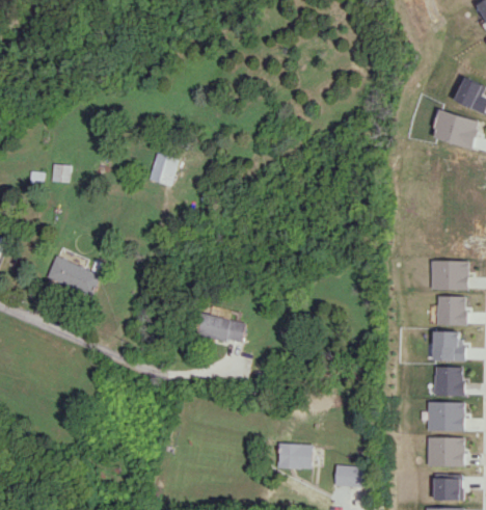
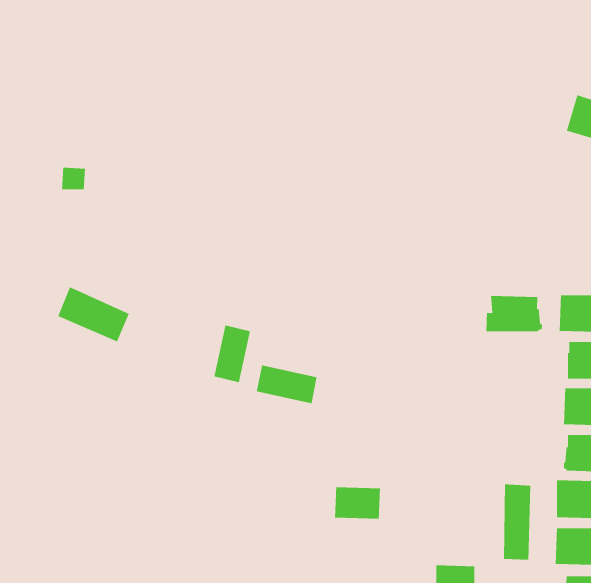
building: [151,154,179,185] -> none
building: none -> [486,295,543,332]
building: none -> [213,324,251,383]
building: none -> [503,484,531,560]
building: [277,444,313,468] -> [334,487,381,519]

